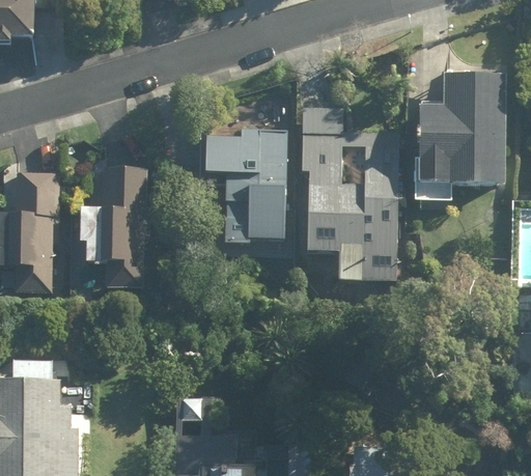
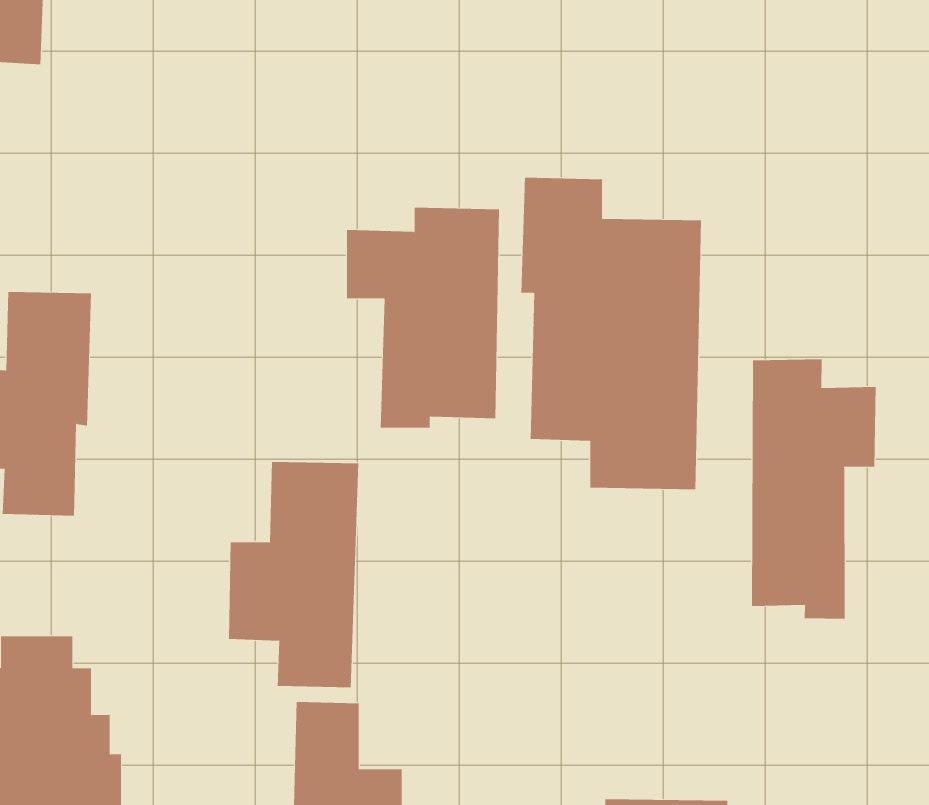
building: [414,73,506,185] -> none
building: [77,164,149,289] -> [228,461,359,688]
building: none -> [751,359,876,619]

